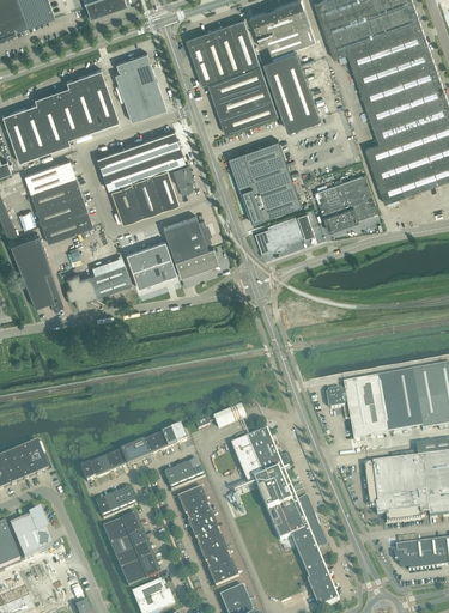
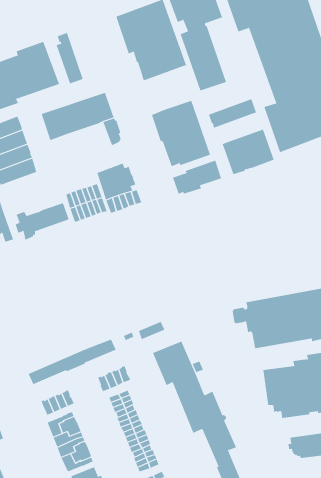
building: [128,51,165,114] -> none
building: [219,97,278,133] -> [208,99,257,129]
building: [110,168,177,221] -> none

